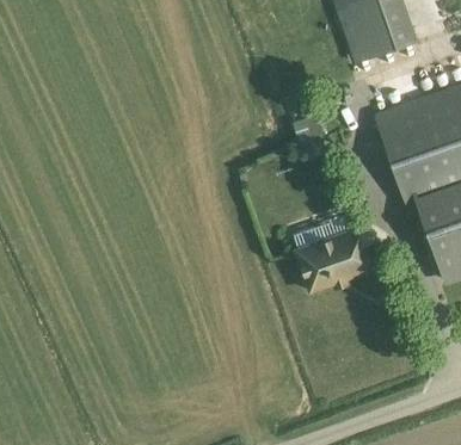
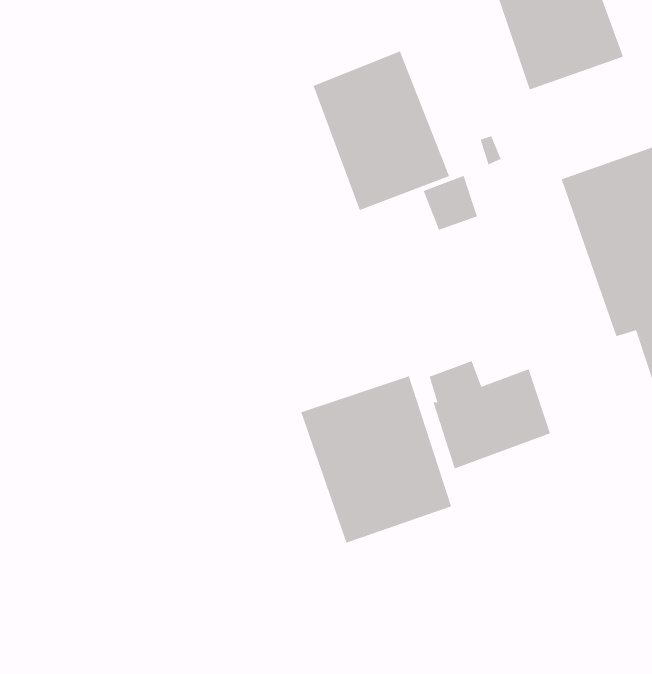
building: none -> [313,50,450,211]
building: none -> [301,375,452,544]

